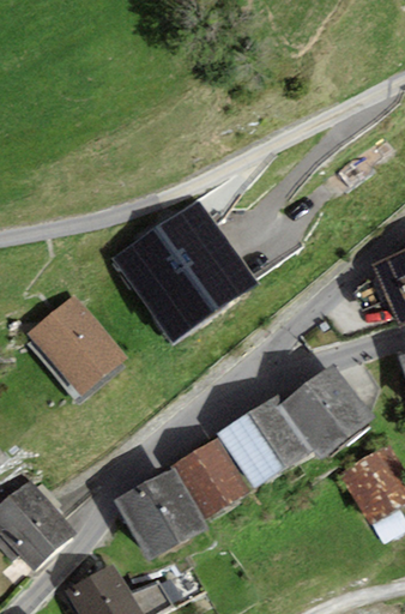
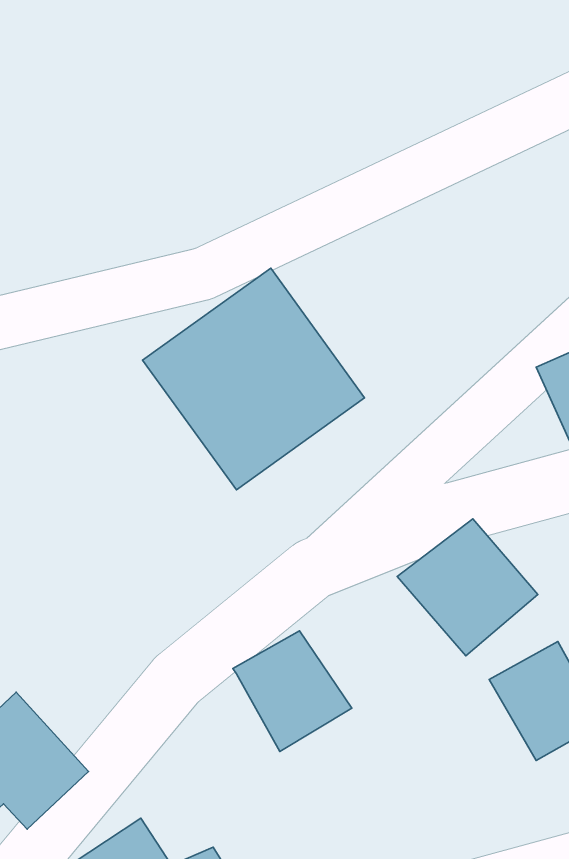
building: [28,294,128,397] -> none
building: [218,395,319,486] -> none
building: [114,468,207,562] -> none

